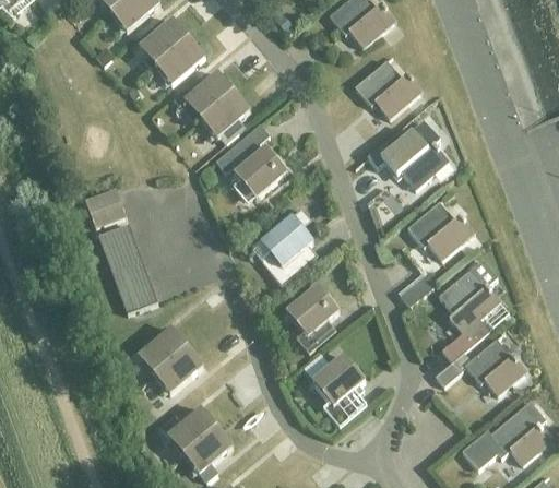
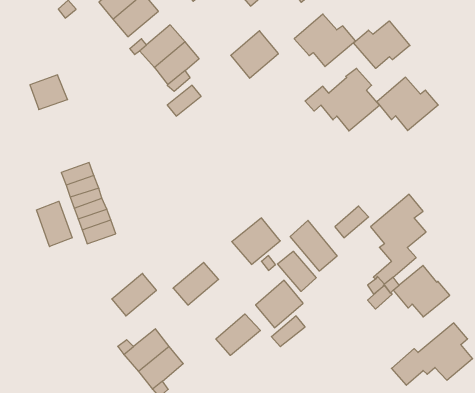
building: none -> [353,21,410,68]
building: [235,145,287,198] -> [231,31,278,78]
building: [85,188,127,226] -> [30,75,68,110]
building: [407,200,475,259] -> [377,77,438,131]
building: [261,214,313,284] -> none
building: none -> [36,201,72,247]
building: none -> [290,220,337,271]
building: none -> [277,251,316,291]
building: [138,326,188,373] -> [173,262,219,305]
building: none -> [216,314,260,355]

